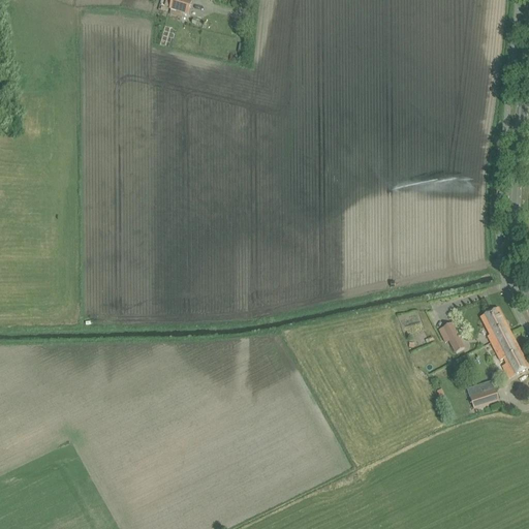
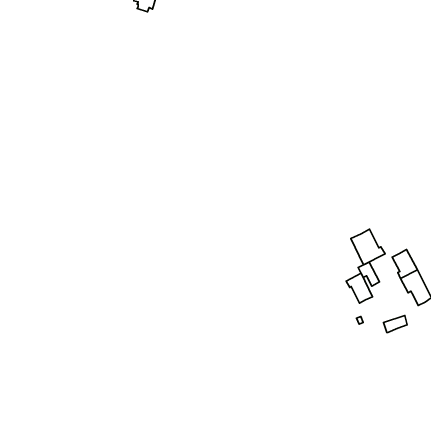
building: none -> [351,229,385,265]
building: none -> [346,273,373,303]

